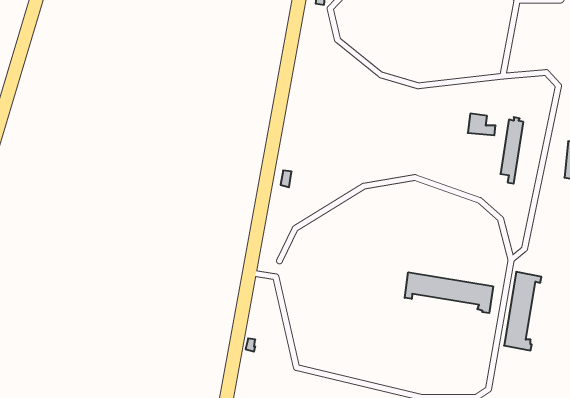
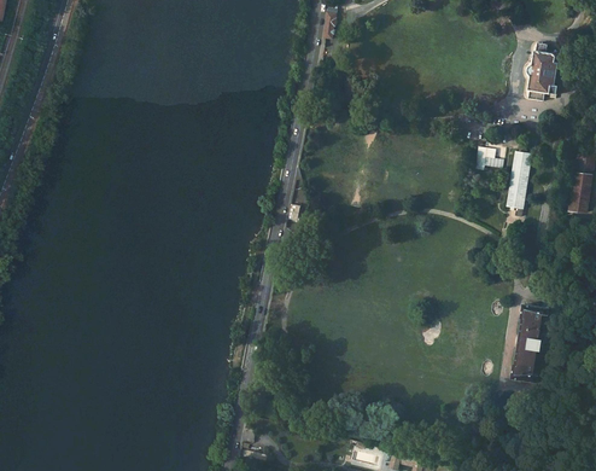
building: none -> [526,42,557,101]
building: [405,272,493,313] -> none

